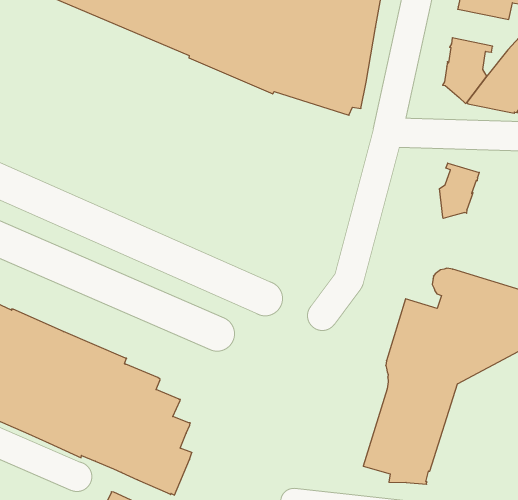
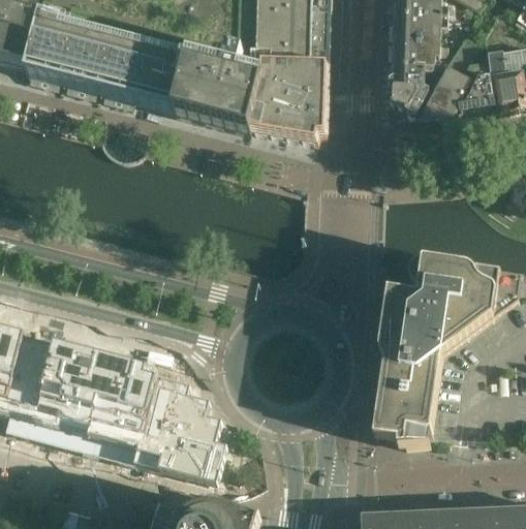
building: none -> [392,37,437,69]
building: [440,163,479,218] -> none

